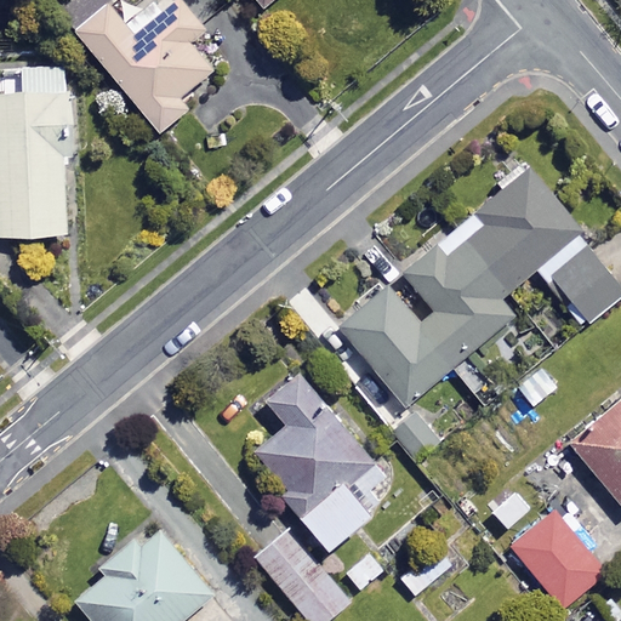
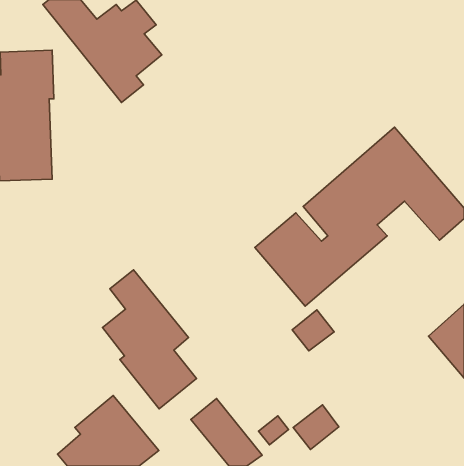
building: [258,375,383,559] -> [103,270,197,409]
building: [514,512,610,609] -> none

